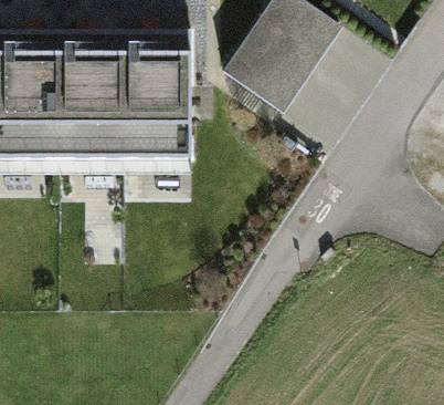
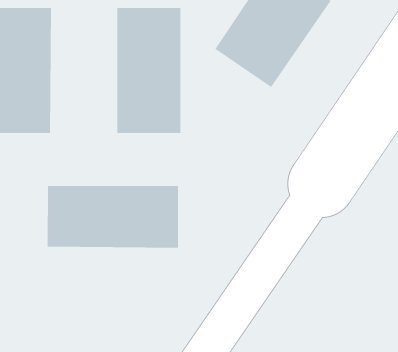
building: [61,31,126,156] -> none
building: none -> [47,185,178,249]

